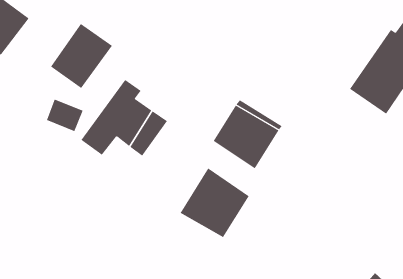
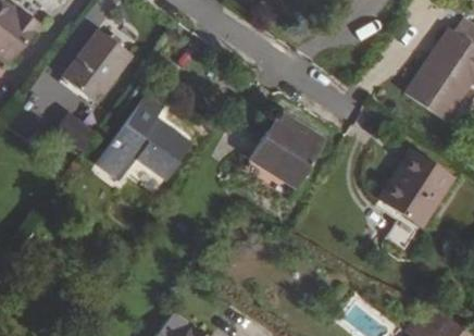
building: none -> [378,151,452,227]
building: [180,168,249,238] -> none

